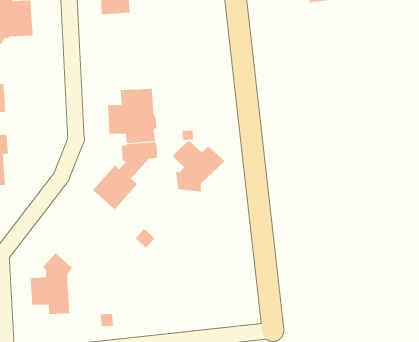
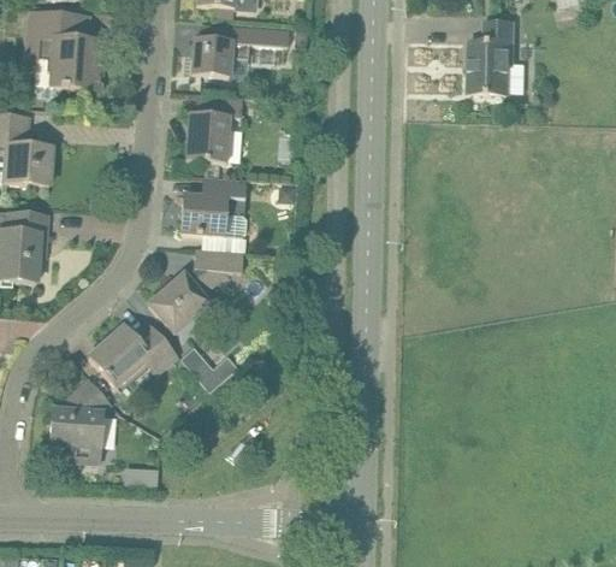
building: none -> [186,94,255,163]
building: [172,140,225,193] -> none
building: none -> [90,321,178,385]

